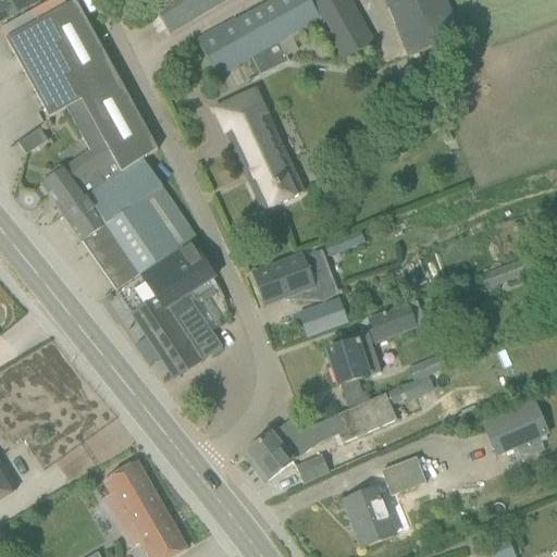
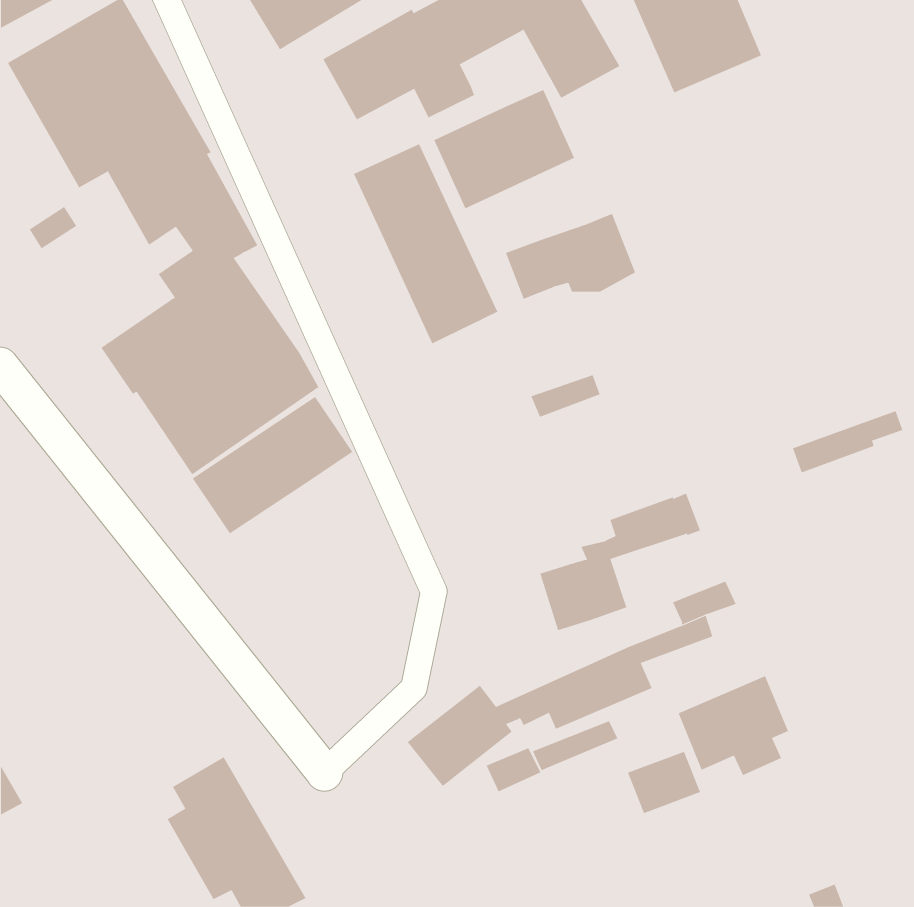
building: none -> [433,89,575,209]
building: [42,138,117,211] -> none
building: [255,248,334,300] -> [505,213,636,299]
building: [140,293,223,375] -> none
building: [299,296,348,334] -> none
building: [482,397,549,458] -> [678,676,789,776]
building: [345,486,395,545] -> none

